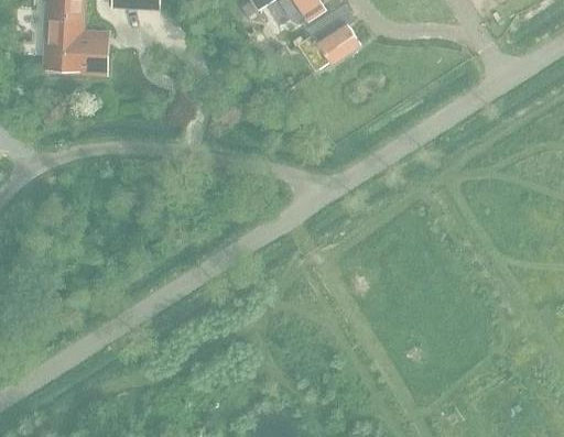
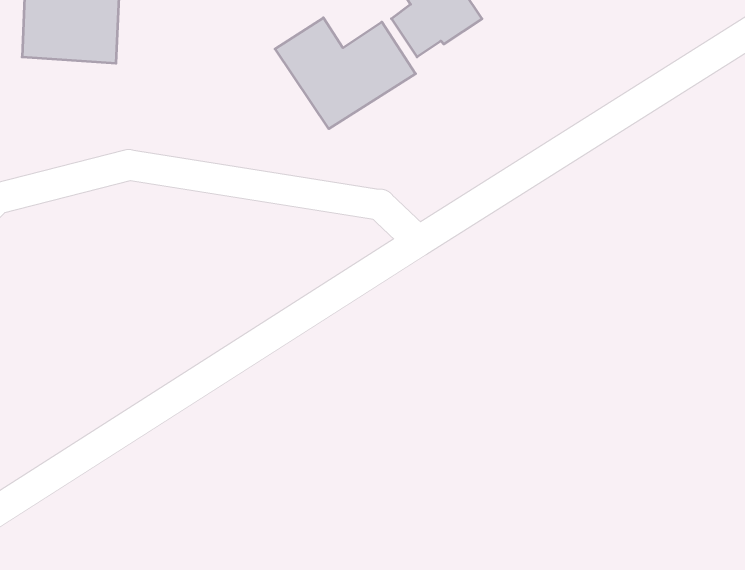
building: none -> [275,18,416,129]

